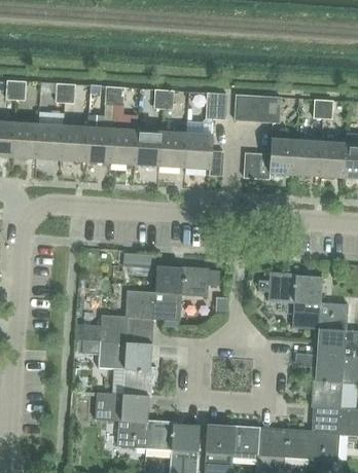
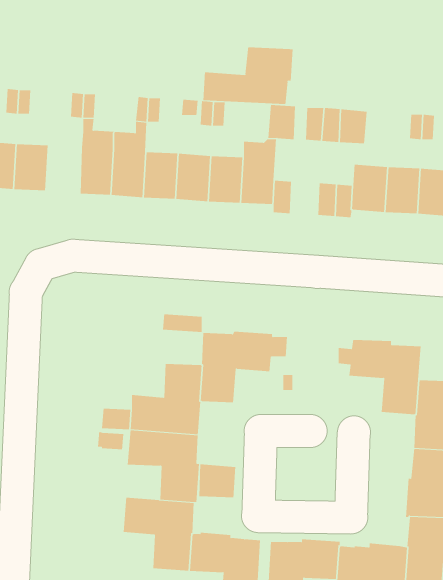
building: none -> [203,46,293,105]
building: [36,111,64,160] -> none
building: none -> [199,463,236,498]

